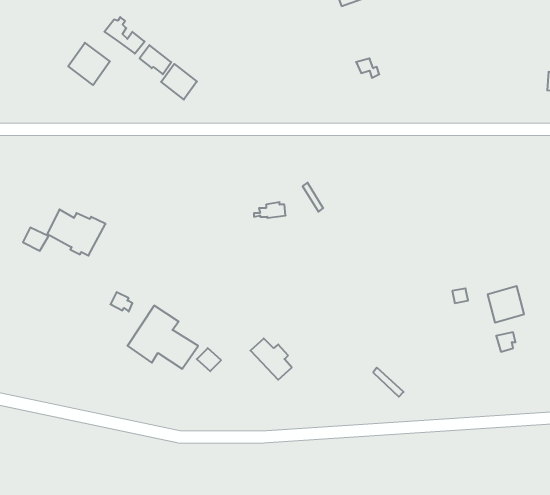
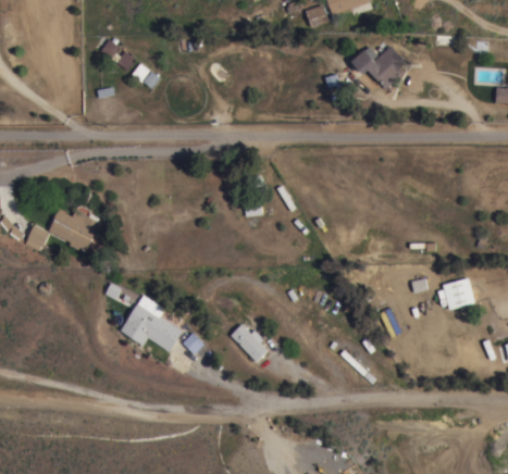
building: none -> [350,45,405,88]
building: [68,43,110,85] -> none
building: [161,64,197,100] -> none

